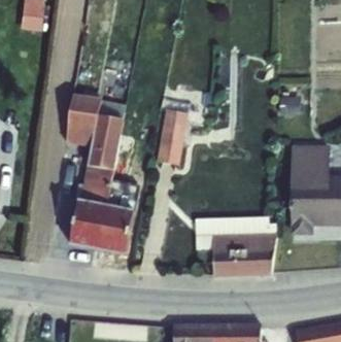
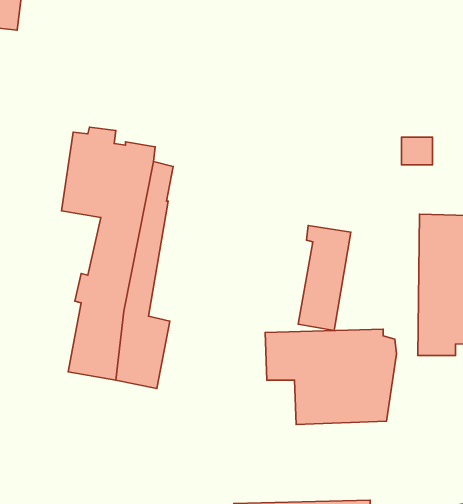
building: [157,98,190,164] -> [298,225,351,331]

